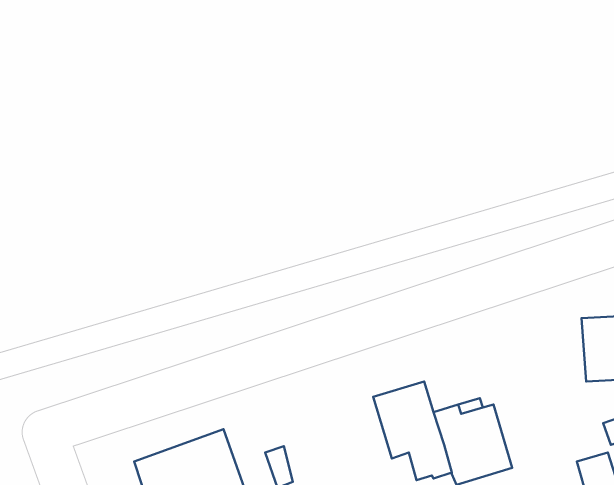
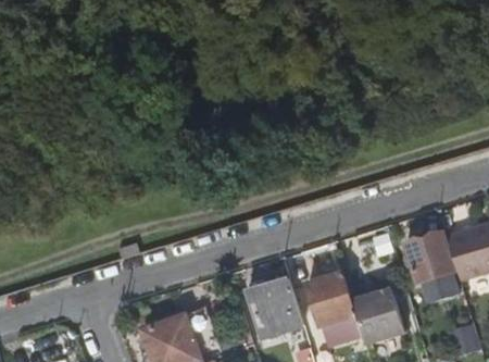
building: none -> [408,235,453,285]
building: none -> [250,279,305,339]

